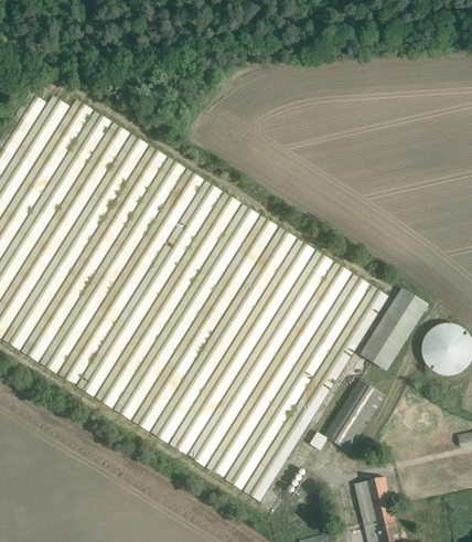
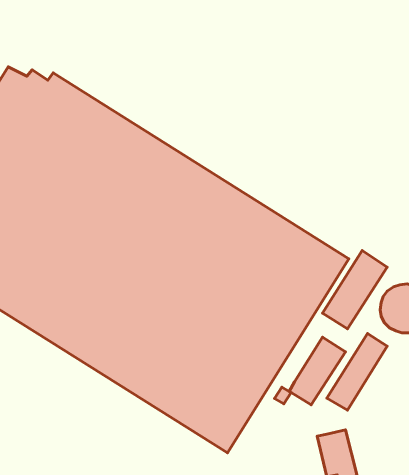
building: none -> [327,334,387,410]

